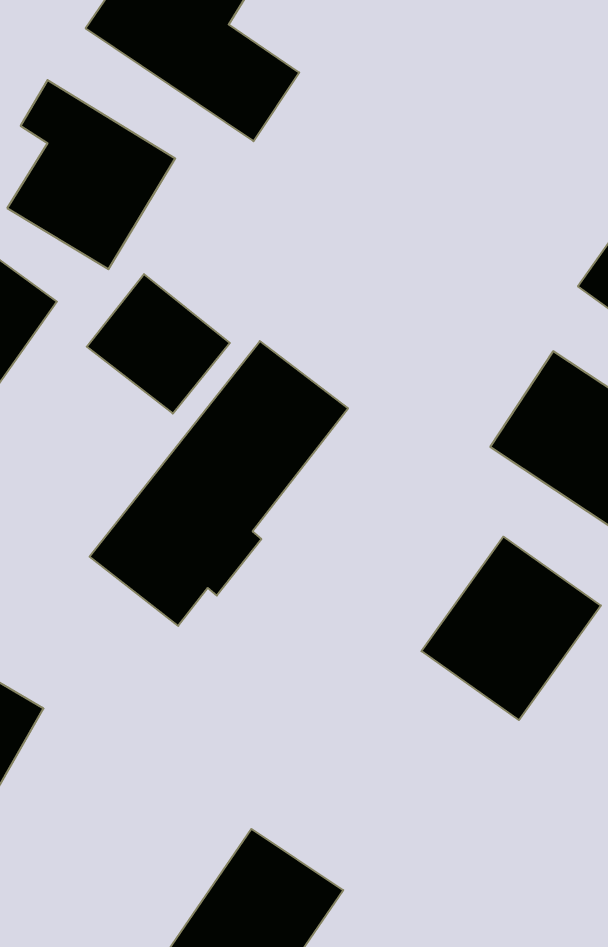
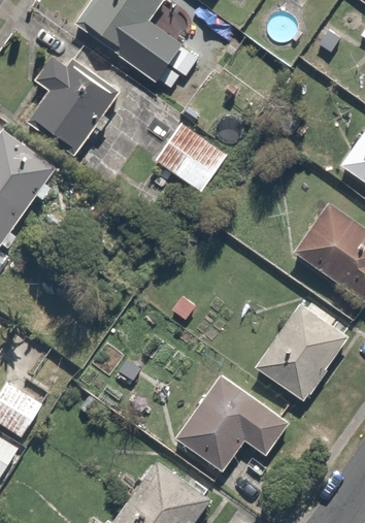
building: [87,274,230,414] -> [153,120,230,195]
building: [90,341,348,626] -> none
building: none -> [175,374,283,471]

